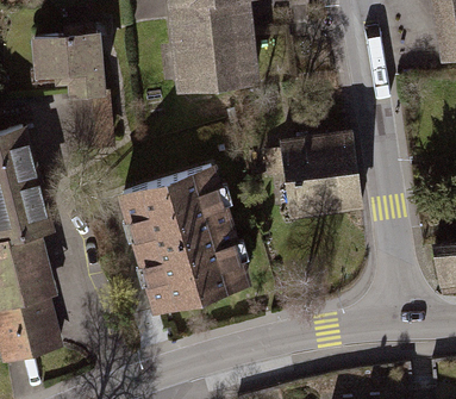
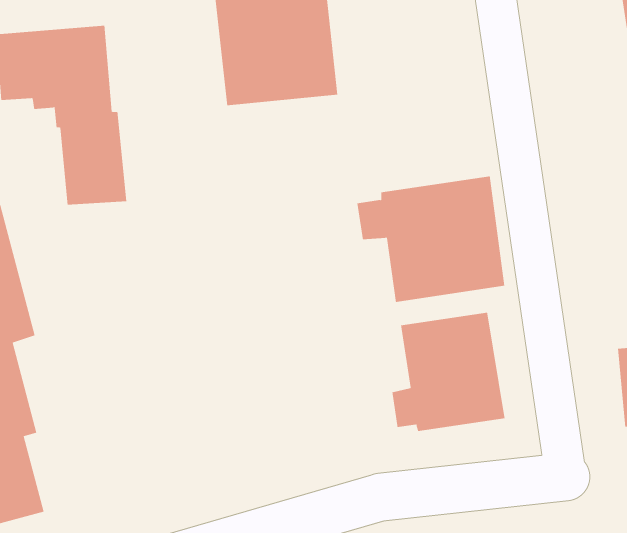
building: [123,167,245,310] -> none
building: none -> [392,312,505,432]

